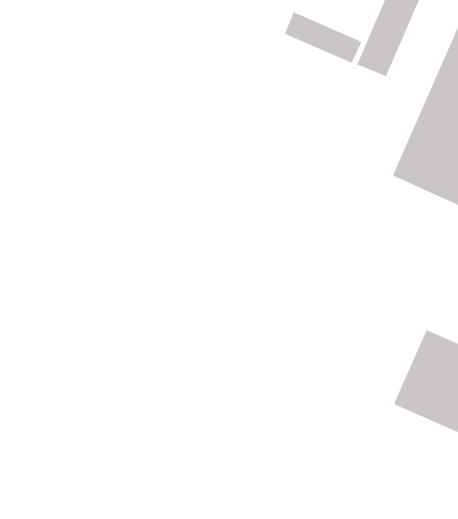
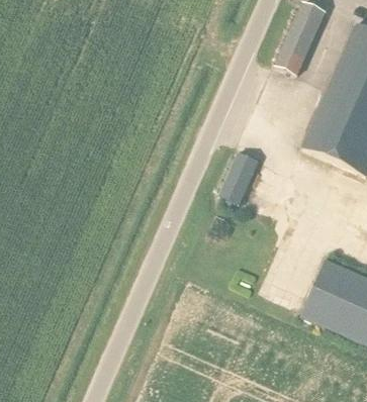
building: [284,11,362,64] -> none
building: none -> [219,150,258,203]

